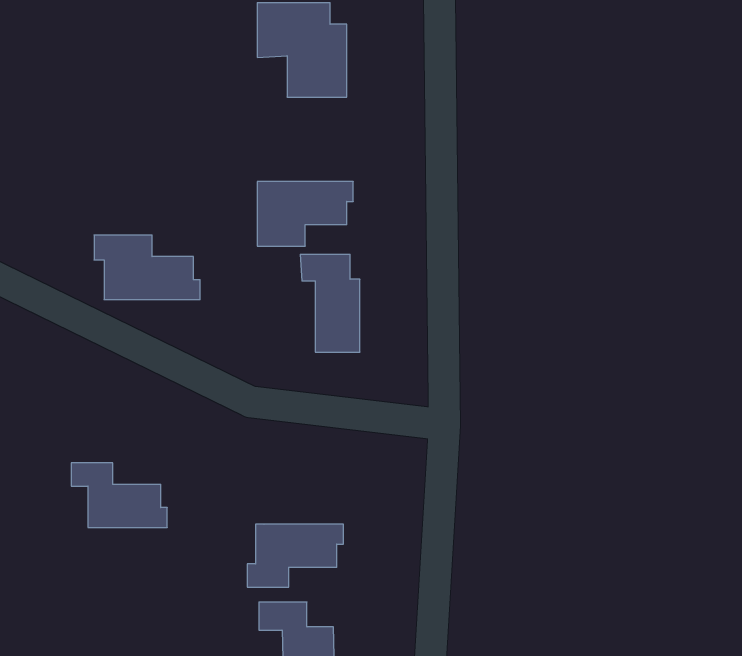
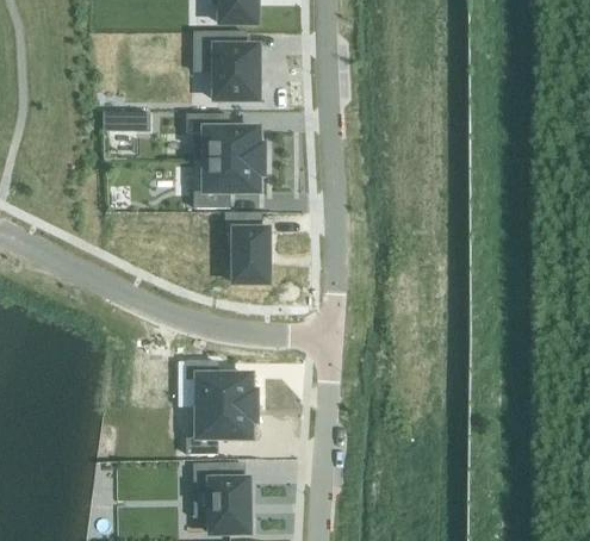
building: none -> [104,111,150,130]
building: [94,235,200,300] -> [187,114,263,161]
building: [71,463,167,527] -> [187,361,256,408]

